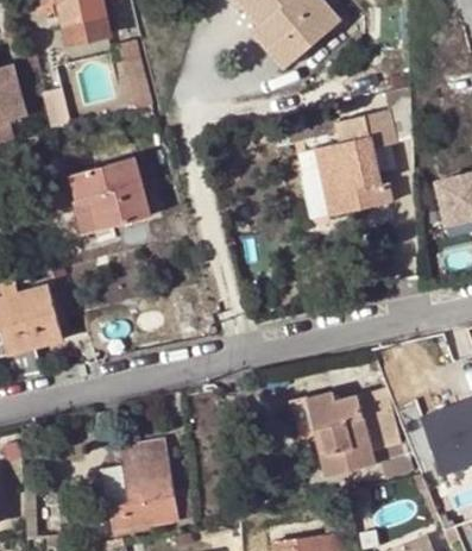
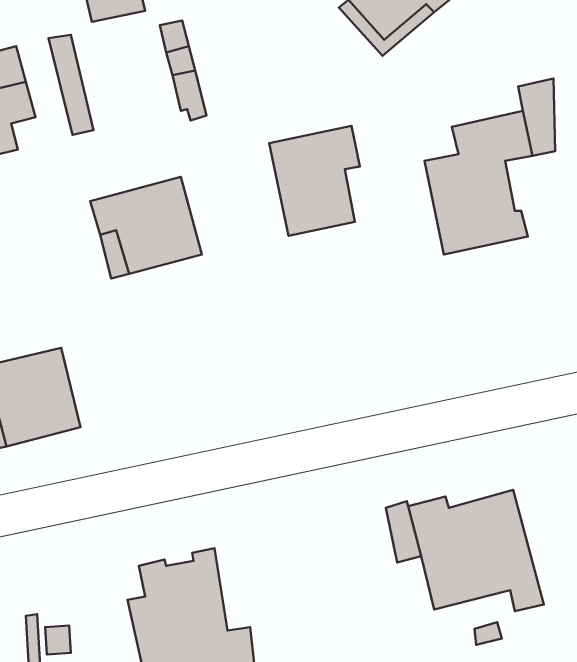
building: none -> [269,126,360,236]

